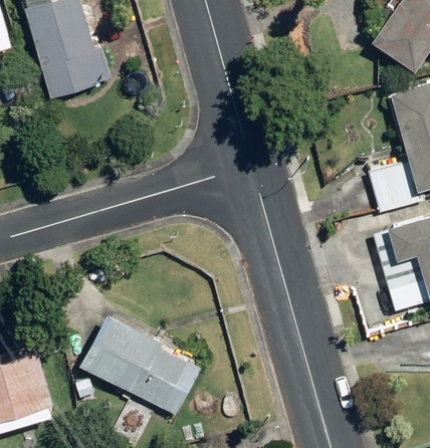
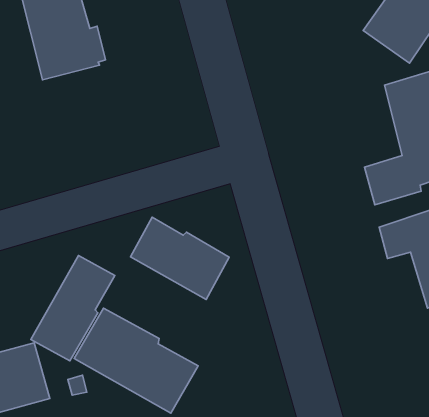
building: none -> [130,217,229,300]
building: none -> [31,255,115,361]

